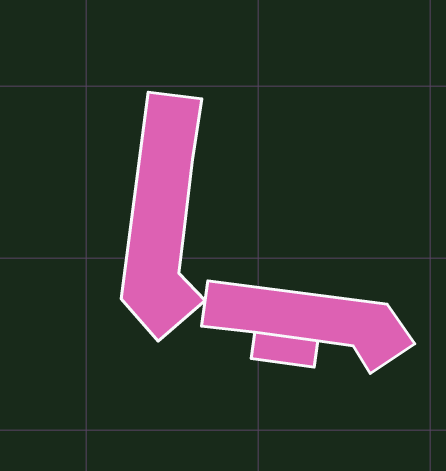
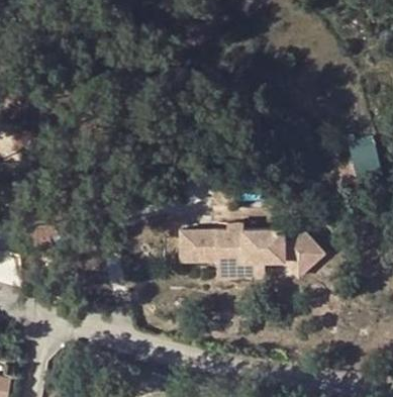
building: [121,92,205,341] -> none

